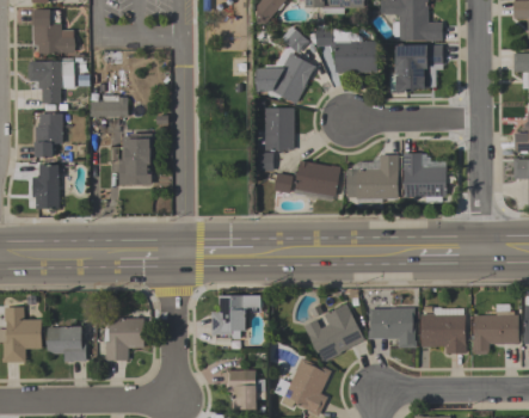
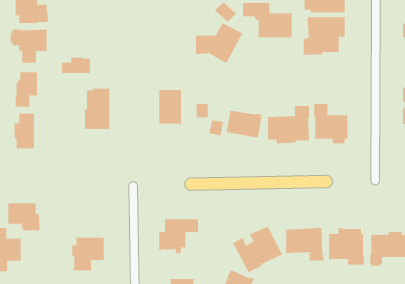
building: [265,107,294,150] -> [159,90,182,124]
building: [47,327,87,362] -> [8,203,40,231]

